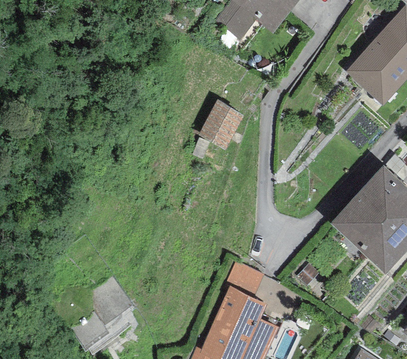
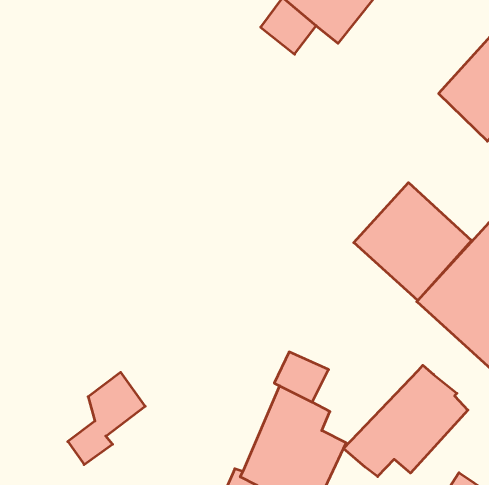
building: [198,100,245,150] -> none
building: none -> [354,183,471,300]
building: none -> [343,365,468,477]

